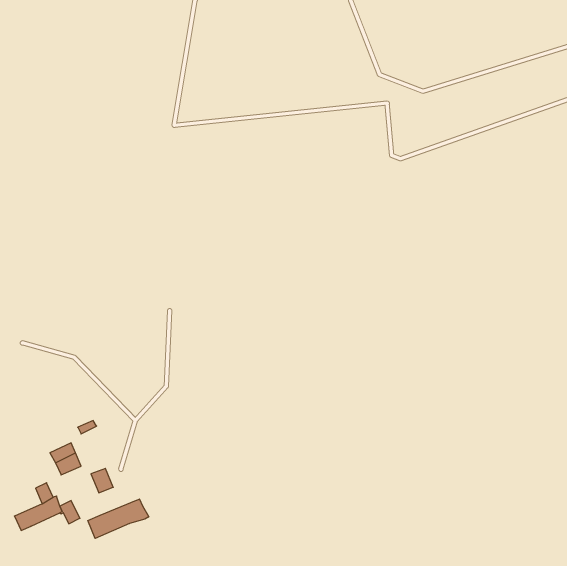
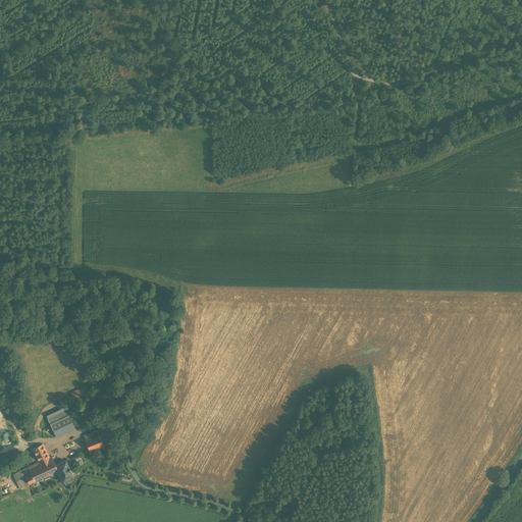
building: [88,499,149,538] -> none

